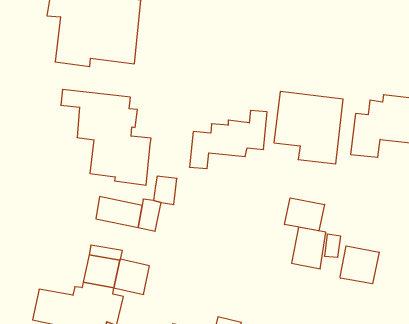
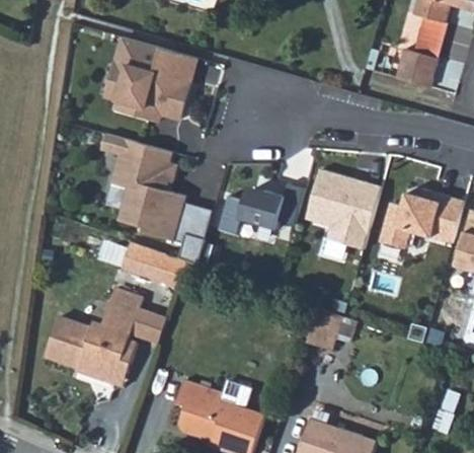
building: none -> [172,201,212,242]
building: [285,198,325,231] -> none
building: [340,246,379,284] -> none

